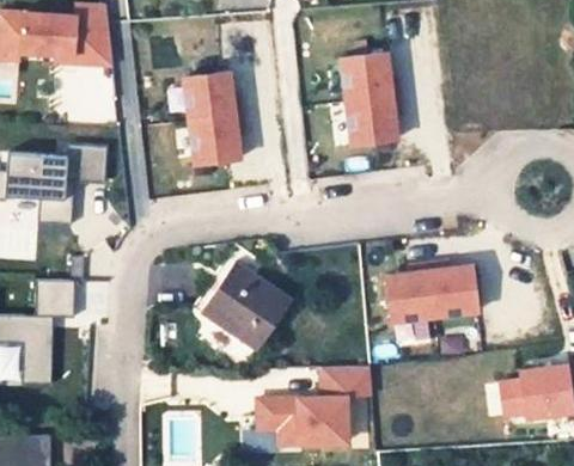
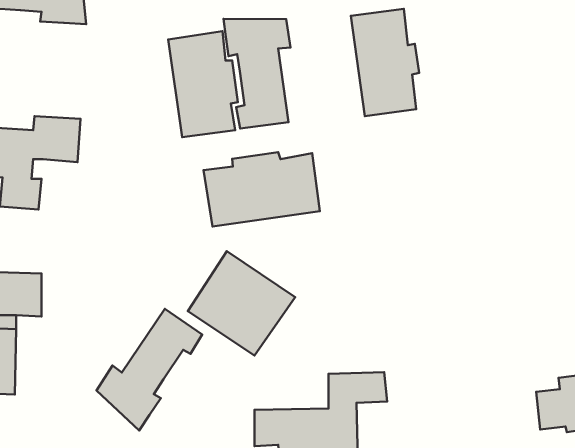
building: none -> [223,19,291,128]
building: none -> [204,152,320,226]
building: [384,263,476,321] -> none
building: none -> [96,309,202,430]

